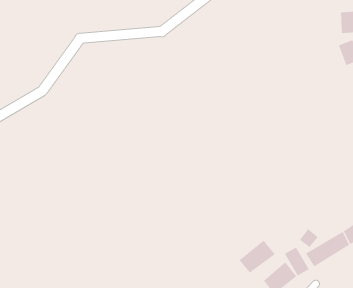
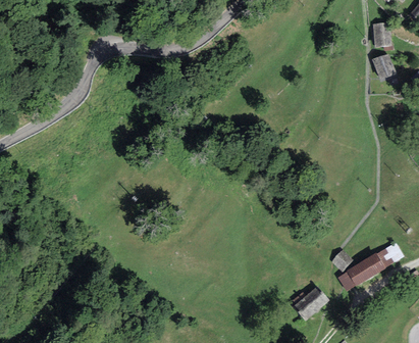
building: [239,240,275,273] -> none
building: [284,247,310,276] -> none

